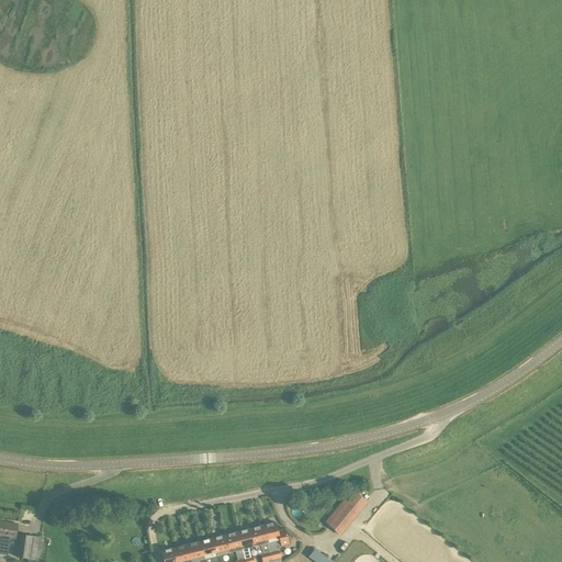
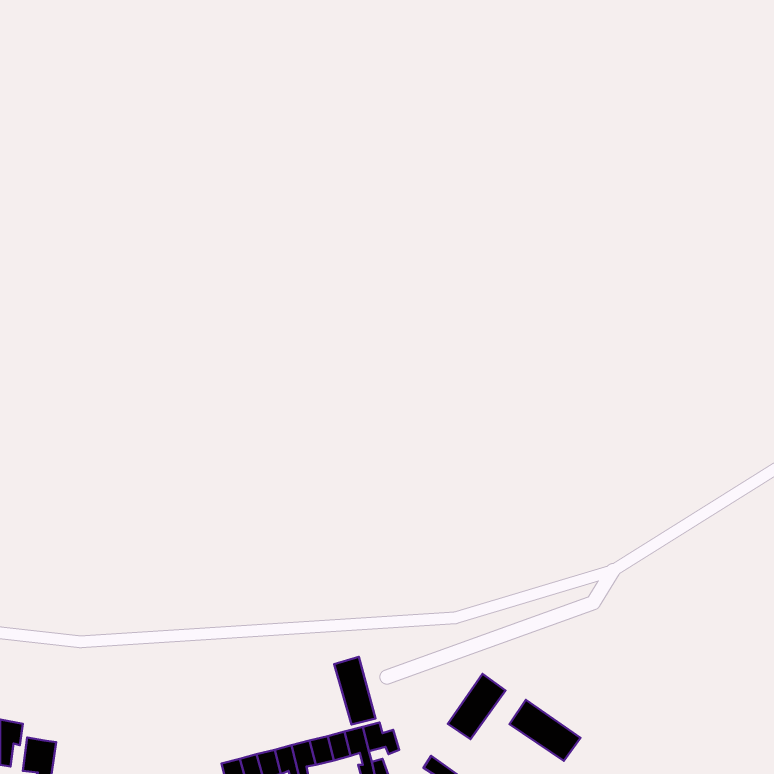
building: none -> [334,657,376,724]
building: none -> [510,700,581,761]

